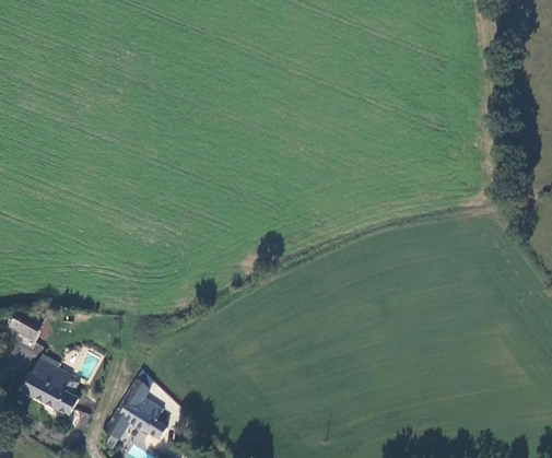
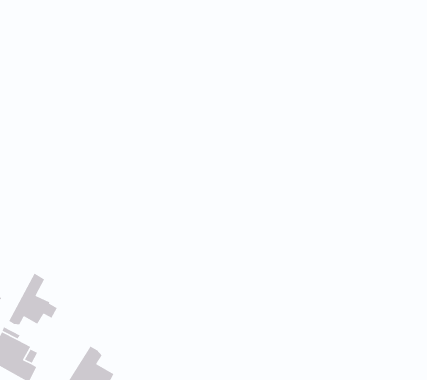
building: none -> [8,273,58,325]

